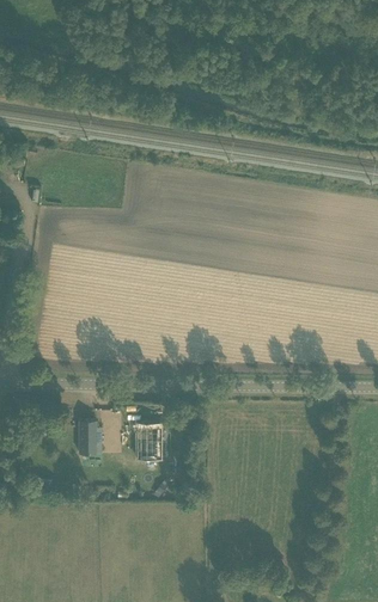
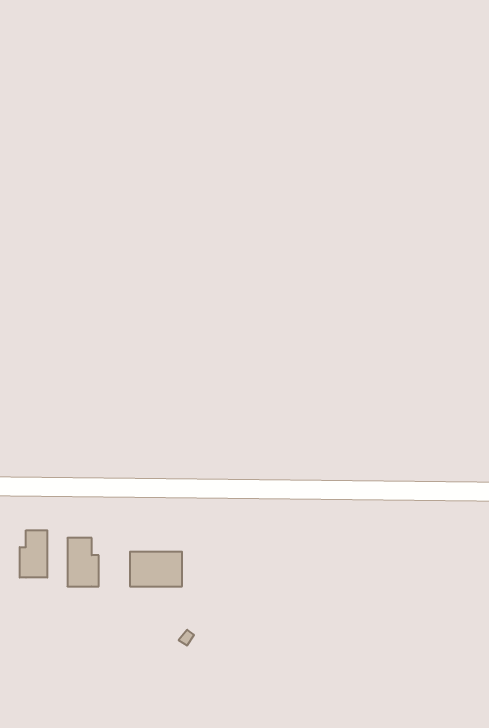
building: none -> [20,530,47,578]

